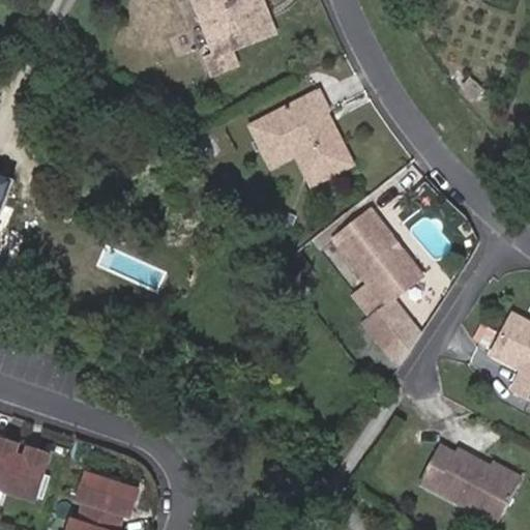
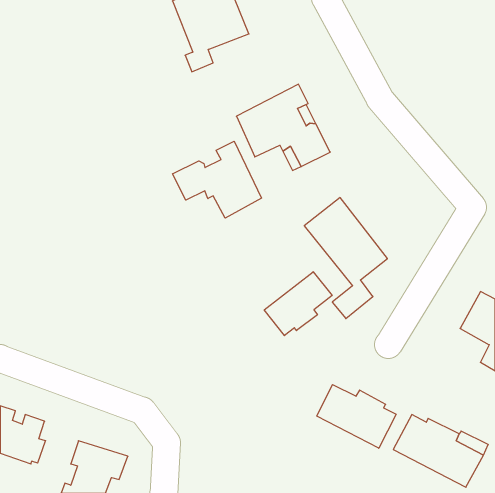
building: none -> [173,141,262,218]
building: none -> [264,272,332,336]
building: none -> [317,385,396,448]

